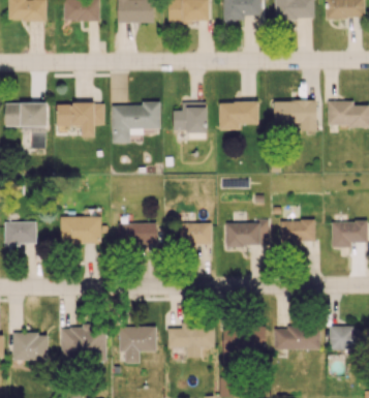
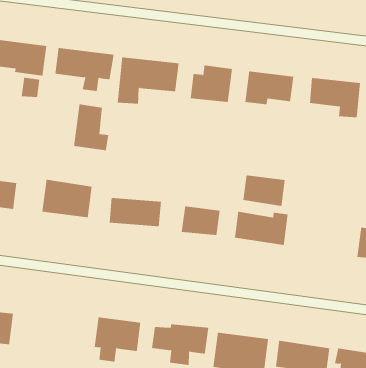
building: none -> [73,104,109,151]
building: [281,220,315,243] -> [242,175,285,206]
building: [60,327,106,360] -> none

